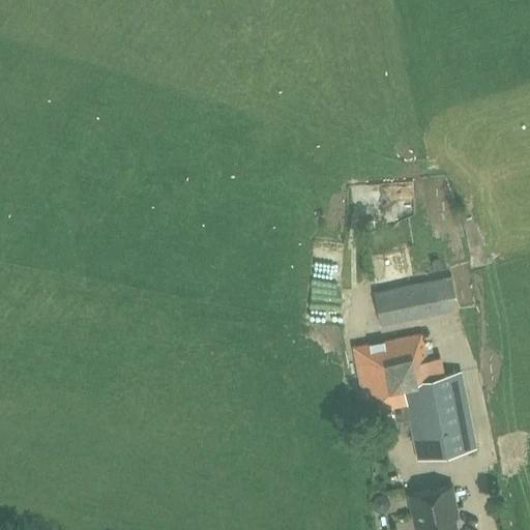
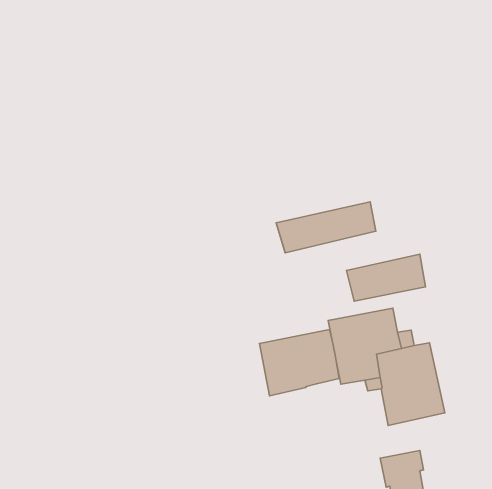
building: none -> [276,202,376,253]
building: none -> [259,330,339,396]

